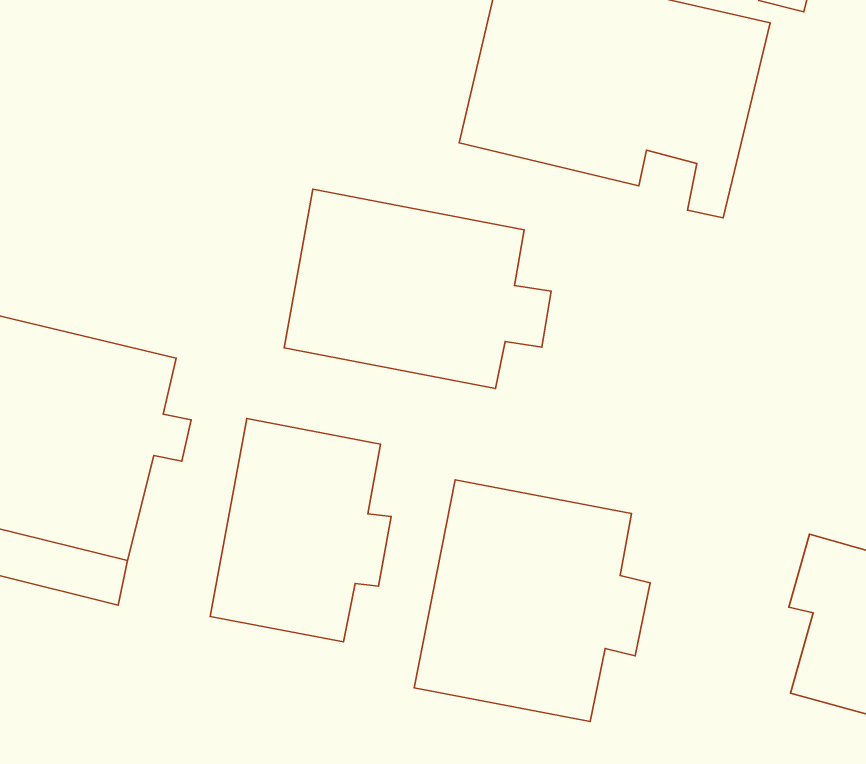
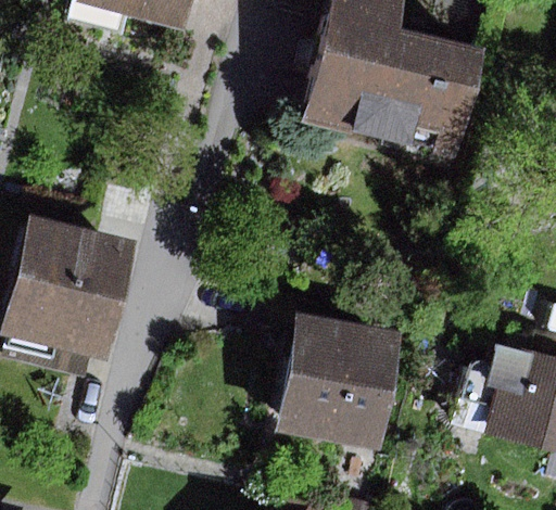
building: [284,189,551,388] -> none
building: [210,418,391,642] -> none

